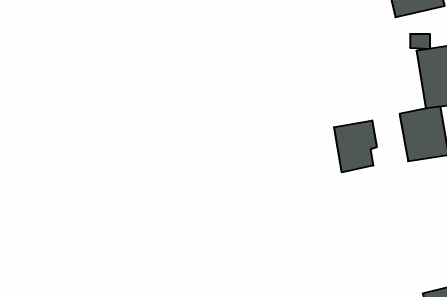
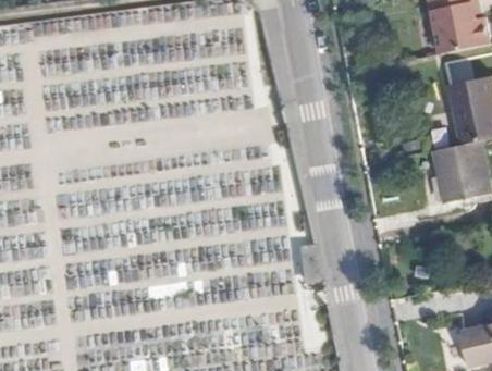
building: [334,120,377,172] -> none

